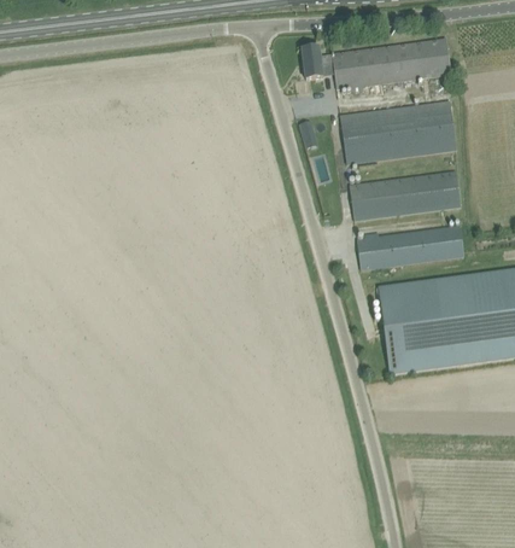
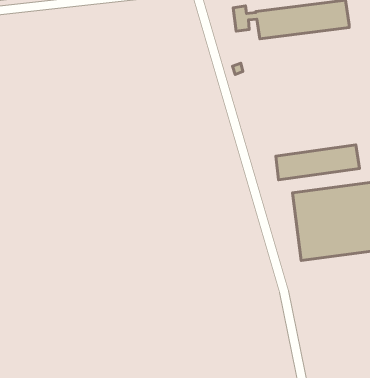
building: [340,100,457,163] -> none
building: [350,170,462,220] -> none

